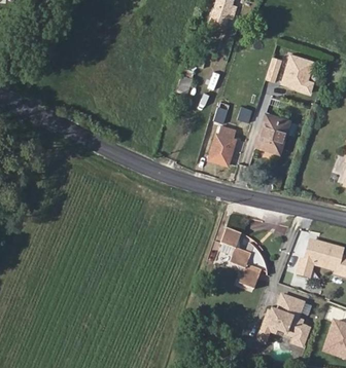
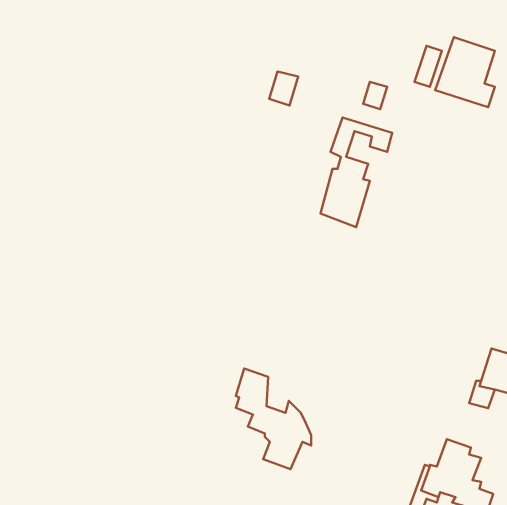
building: [254,113,290,155] -> none
building: [216,225,262,286] -> [236,368,311,469]

